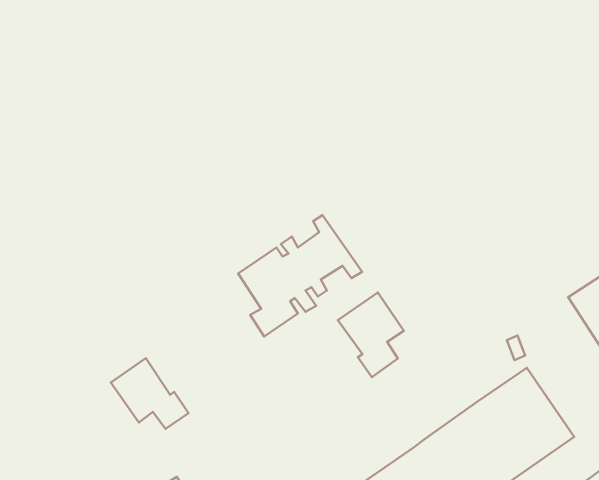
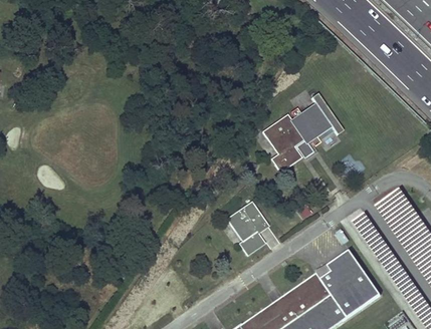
building: [238,215,362,336] -> [262,93,344,173]
building: [111,358,189,429] -> none

